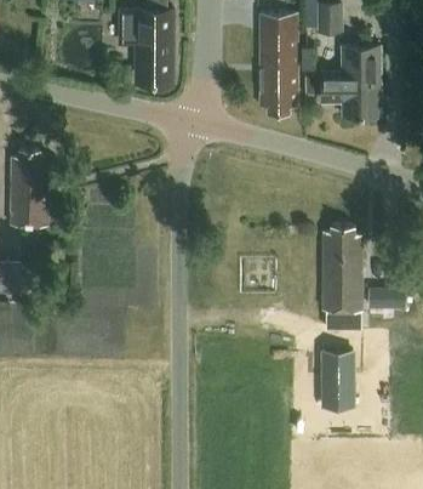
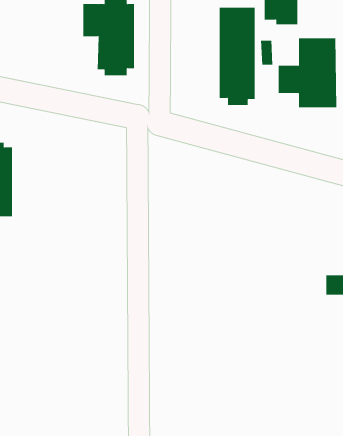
building: [324,224,360,328] -> none
building: [324,347,353,400] -> none

